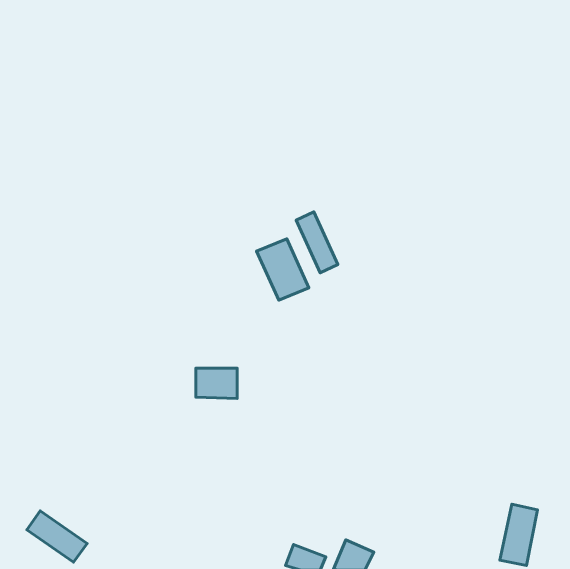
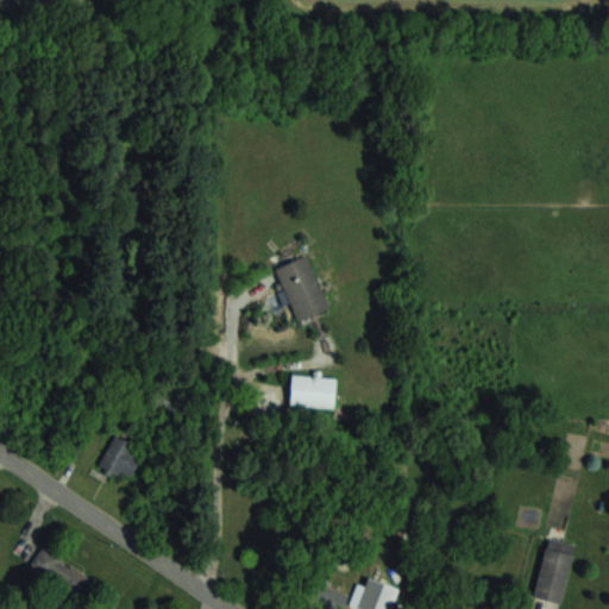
building: [296,212,338,273] -> none
building: [196,368,237,398] -> [290,376,334,408]
building: none -> [99,435,144,481]

